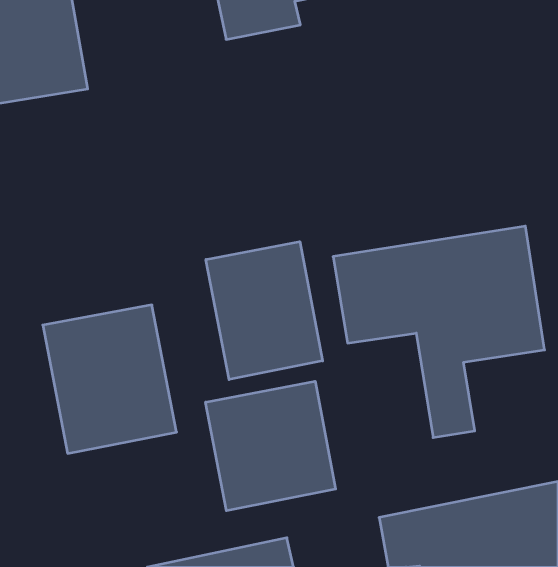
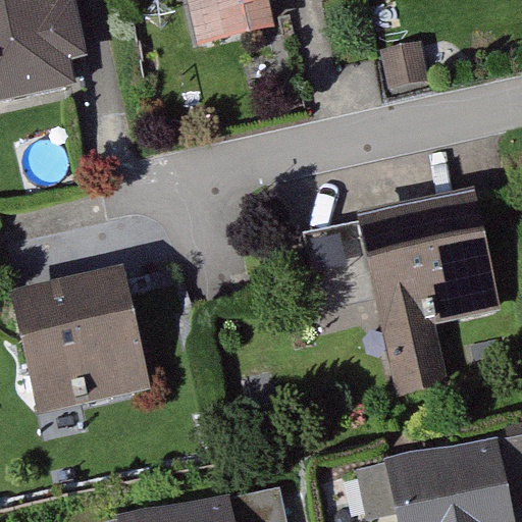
building: [206,242,323,380] -> none
building: [206,381,336,511] -> none

